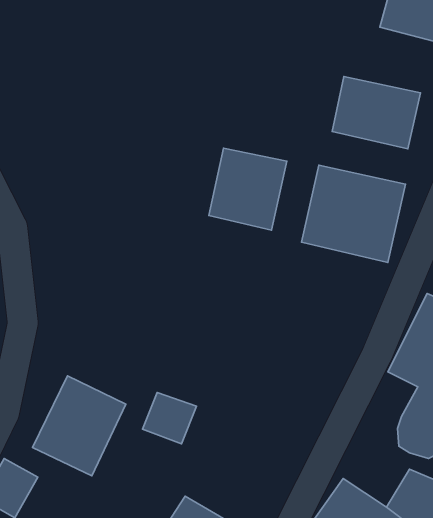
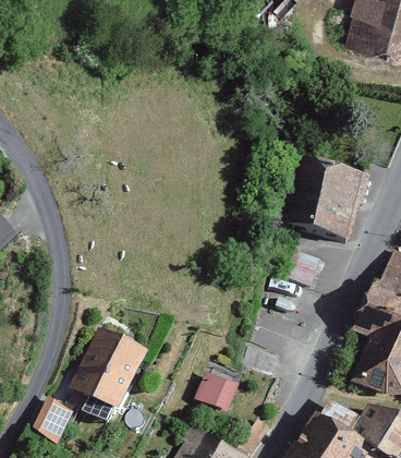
building: [332,76,420,149] -> none
building: [209,148,287,230] -> none
building: [142,393,197,444] -> [196,371,240,412]

